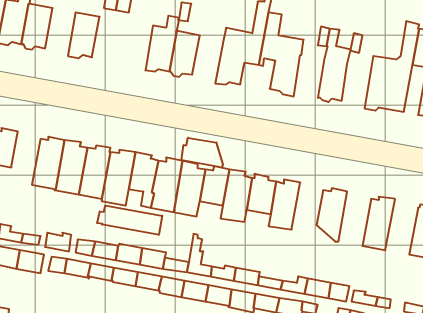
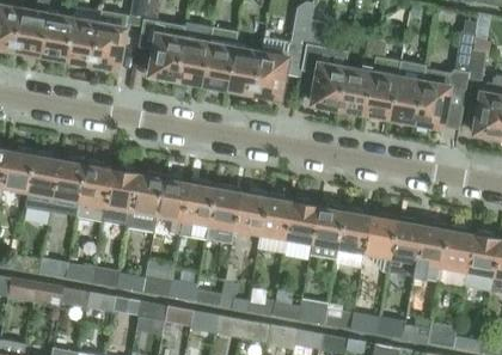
building: none -> [66,16,99,68]
building: none -> [149,30,184,84]
building: none -> [227,45,262,98]
building: none -> [338,67,372,115]
building: none -> [391,76,423,126]
building: none -> [25,151,61,209]
building: [181,138,223,168] -> none
building: none -> [336,207,371,268]
building: none -> [387,216,423,276]
building: none -> [439,225,475,289]
building: [97,205,162,235] -> none

